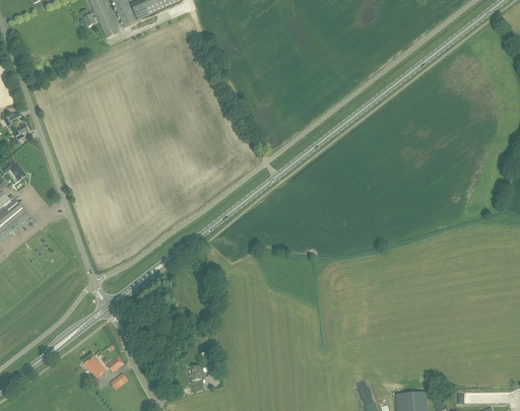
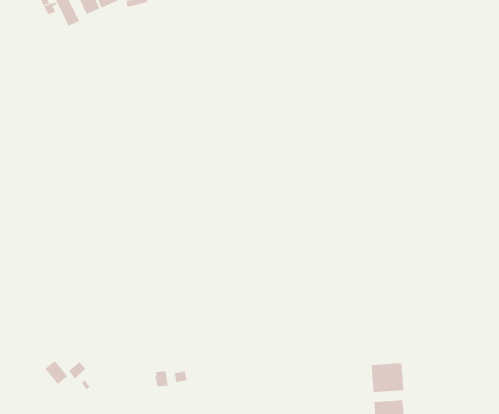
building: none -> [371,362,404,393]

